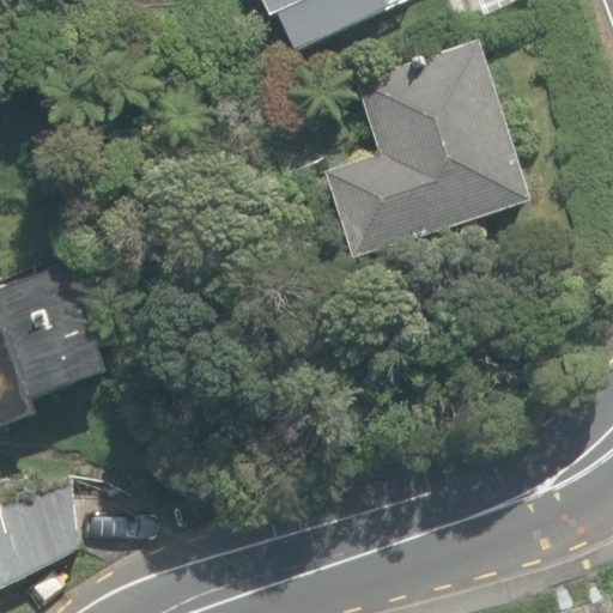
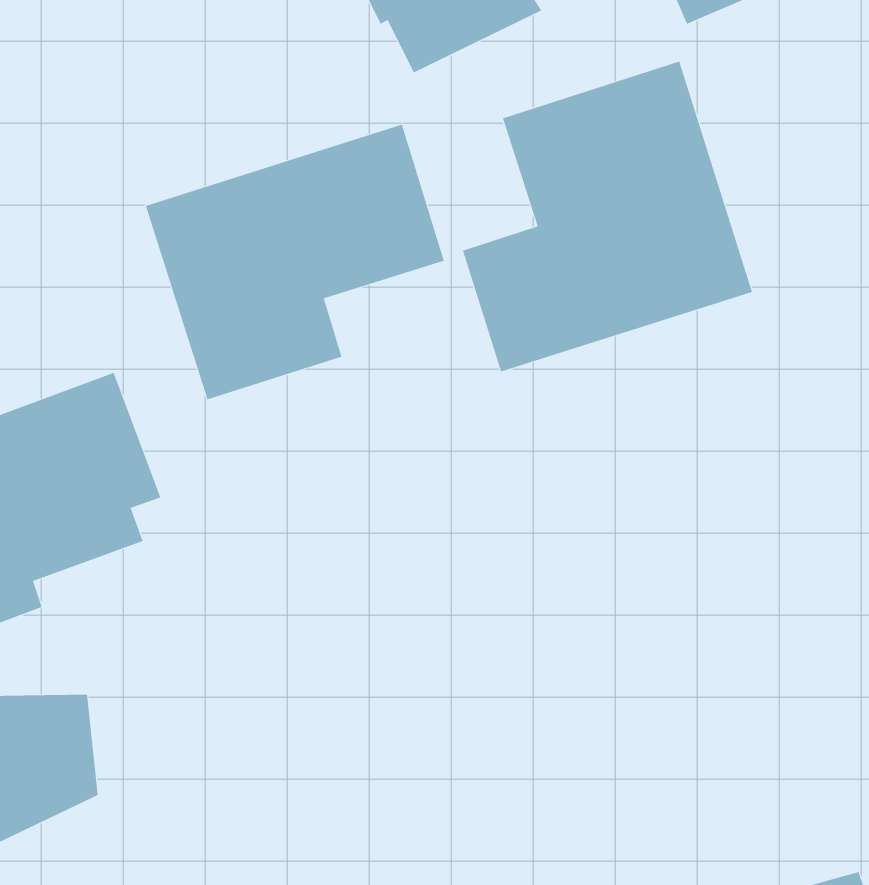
building: none -> [145,124,444,400]

